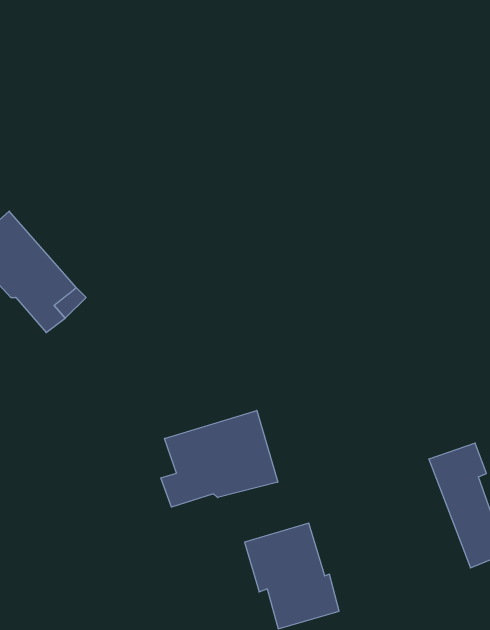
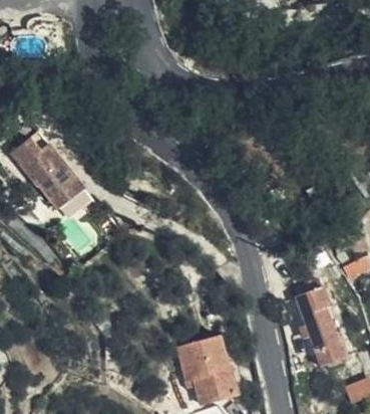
building: [161,410,278,507] -> none

